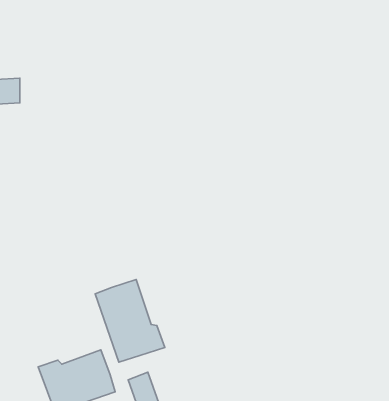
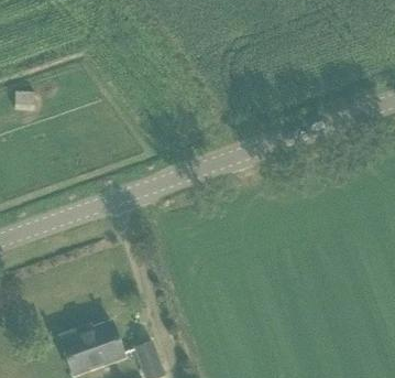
building: [95,279,165,362] -> none

